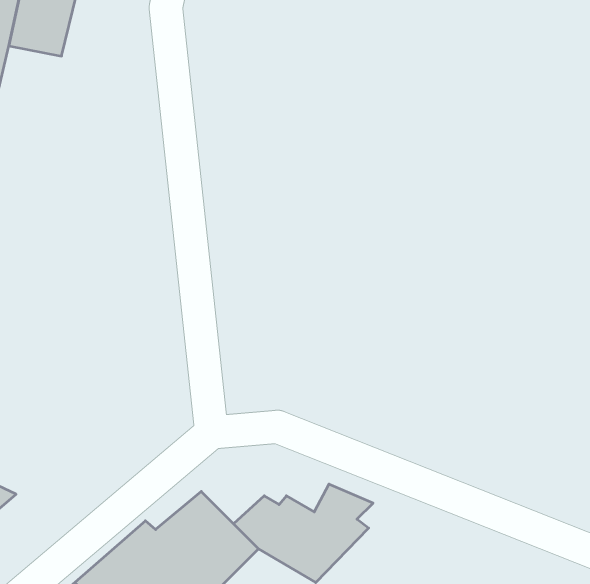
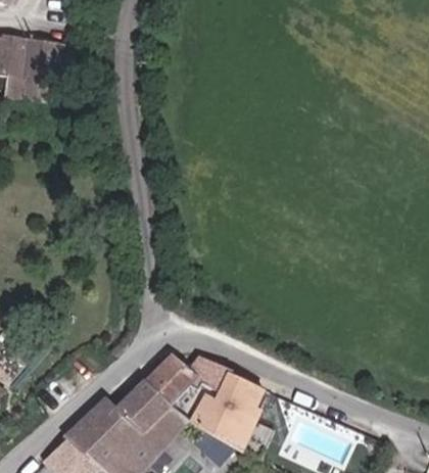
building: none -> [143,362,234,410]

